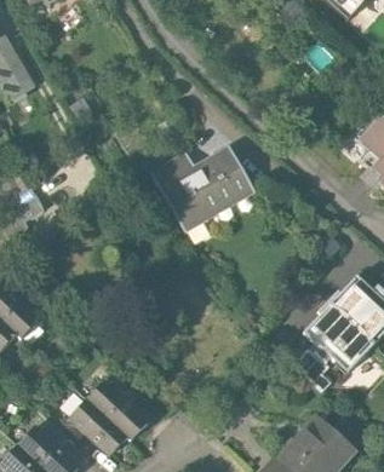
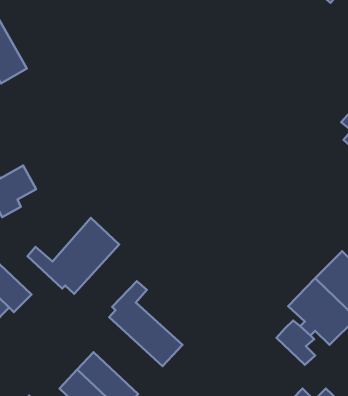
building: [150,146,254,230] -> none
building: none -> [28,218,119,294]
building: none -> [109,281,182,366]

